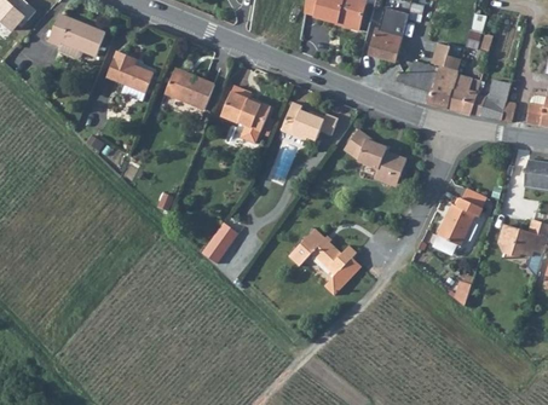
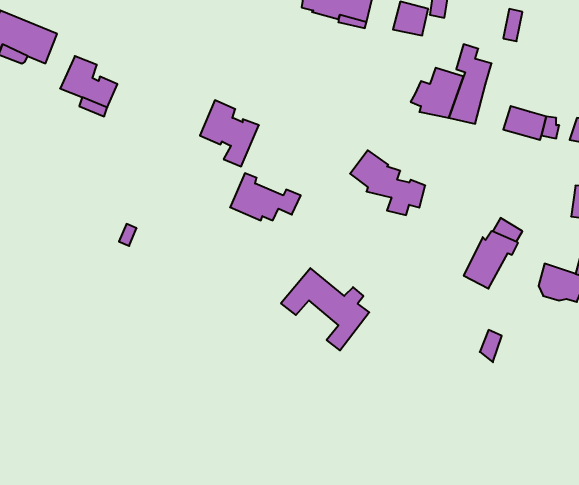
building: [371,29,404,62] -> none
building: [163,71,214,110] -> none
building: [448,75,480,112] -> none
building: [279,103,338,141] -> [230,173,301,220]
building: [202,221,238,264] -> none

